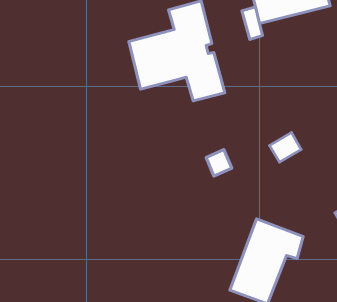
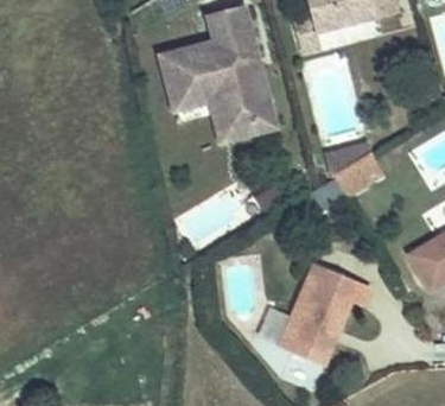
building: none -> [211,94,279,139]

